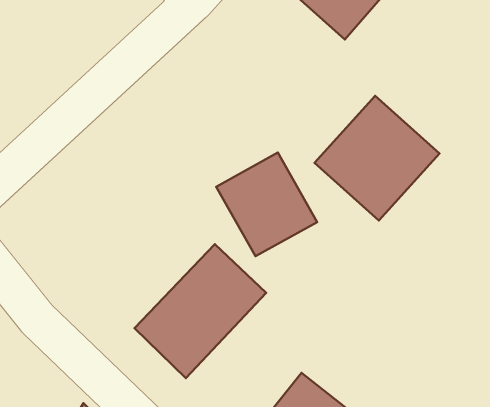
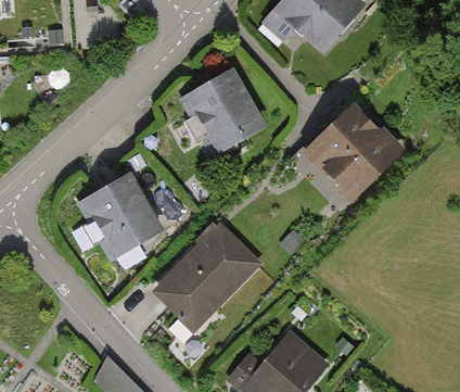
building: [216,153,317,256] -> [180,67,264,153]
building: none -> [75,170,162,261]

